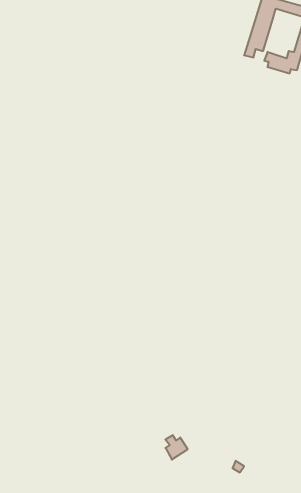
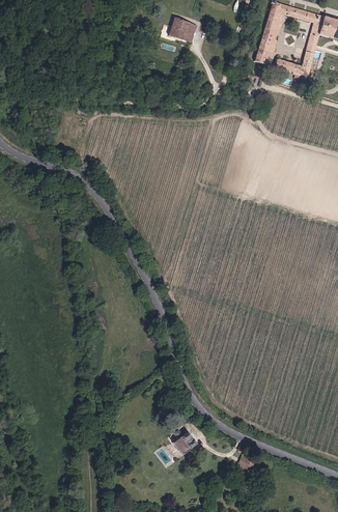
building: none -> [171,18,197,41]

